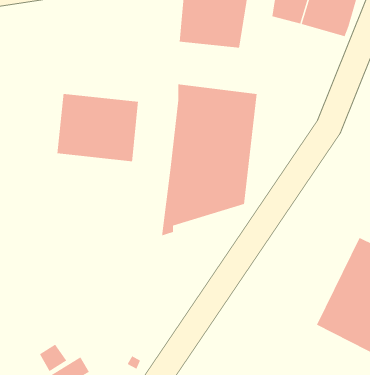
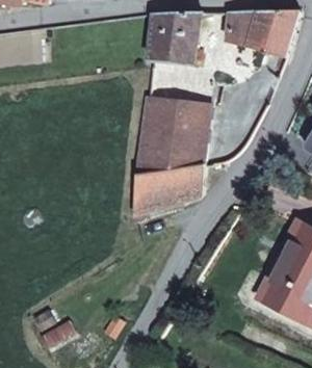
building: [57,93,138,162] -> none

